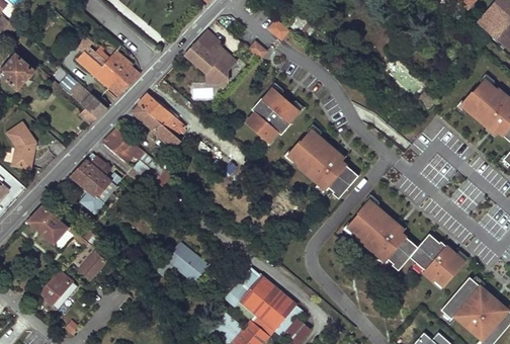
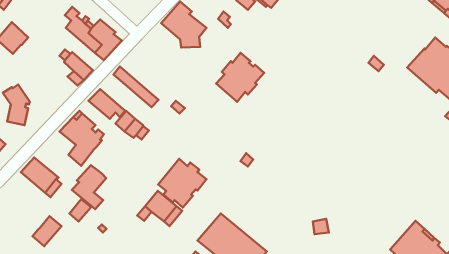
building: [138,93,185,137] -> none
building: [288,130,359,198] -> none
building: [348,199,464,285] -> none
building: none -> [158,159,207,208]
building: none -> [72,165,106,209]

